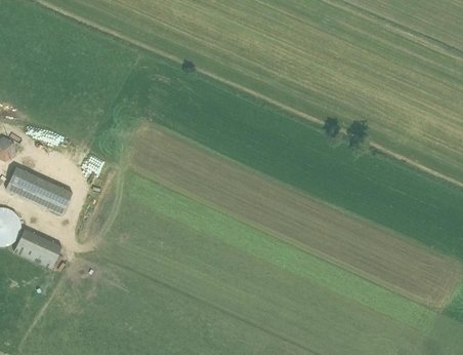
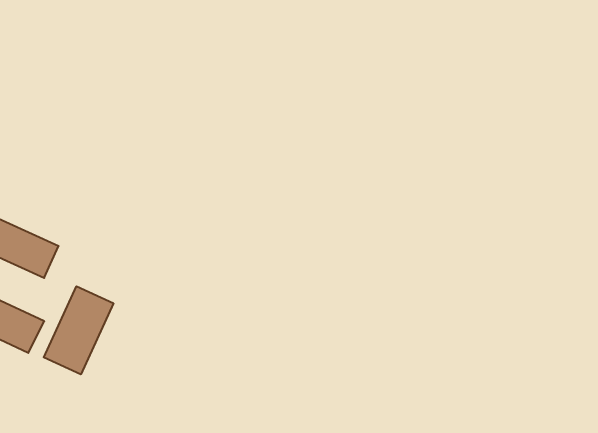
building: none -> [44,286,113,374]

